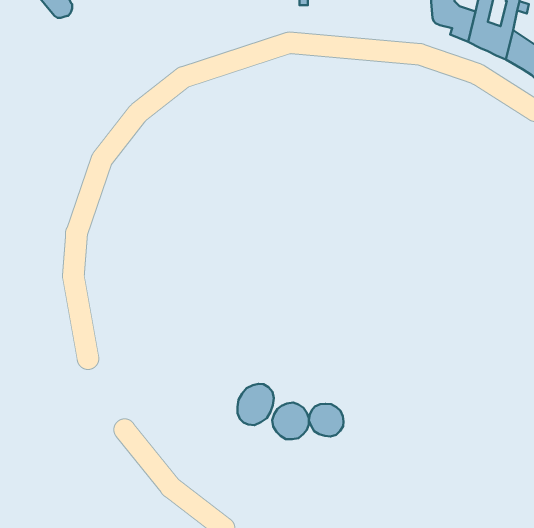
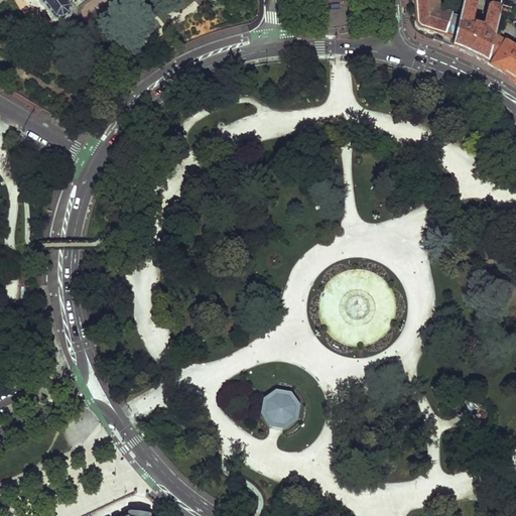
building: [237,384,274,425] -> none
building: [309,404,344,436] -> none

